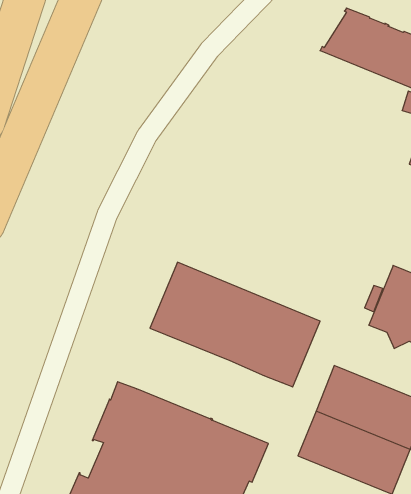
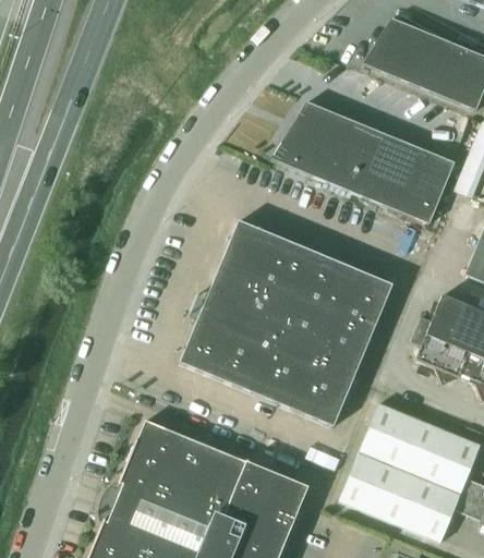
building: none -> [270,101,455,223]
building: none -> [209,221,392,355]

